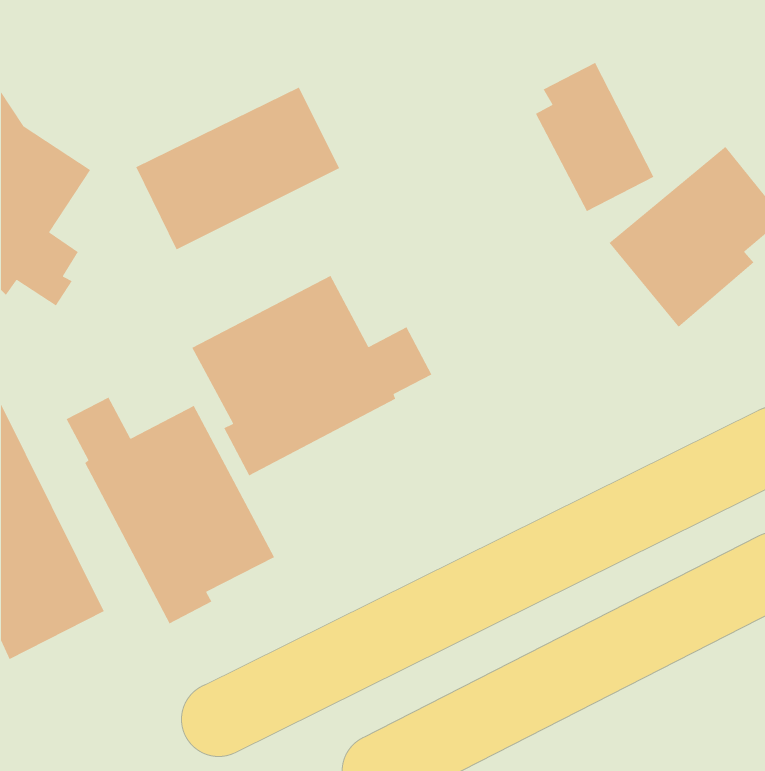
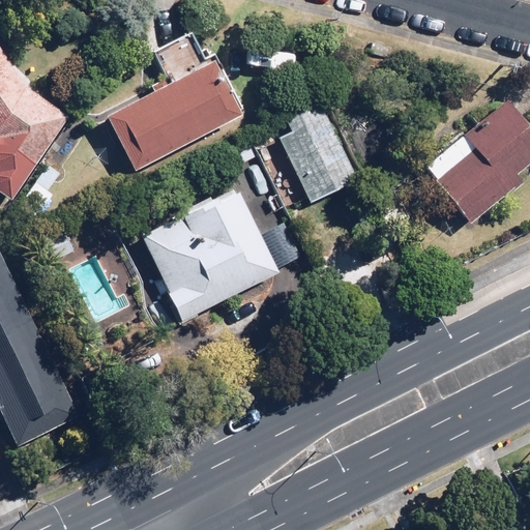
building: [535,62,655,212] -> [277,100,359,203]
building: [66,396,275,624] -> none

